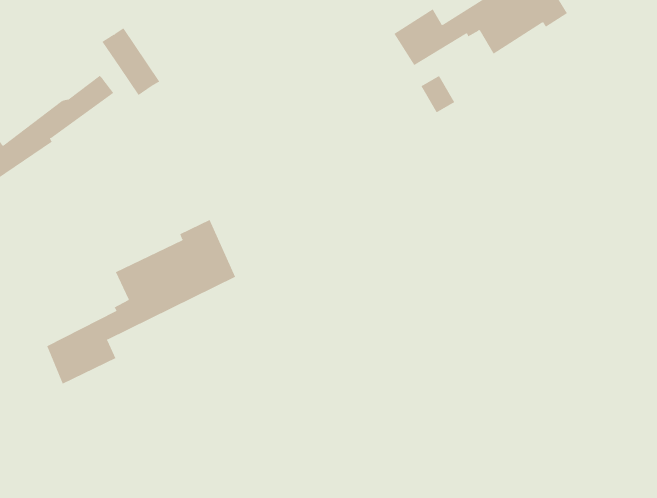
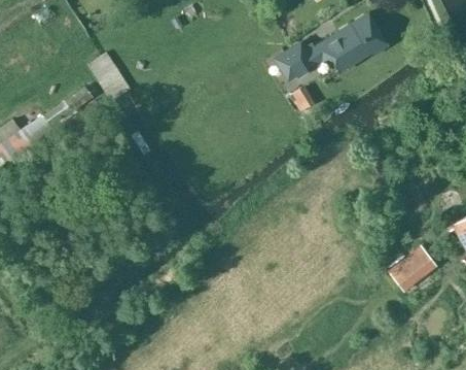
building: [47,219,236,385] -> none
building: none -> [388,244,437,292]

